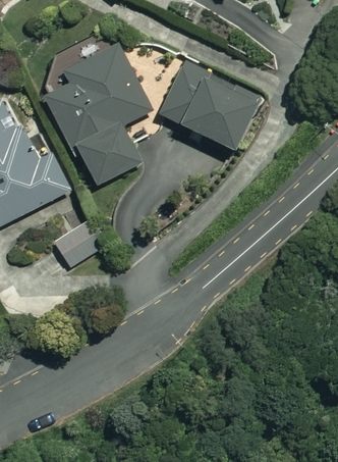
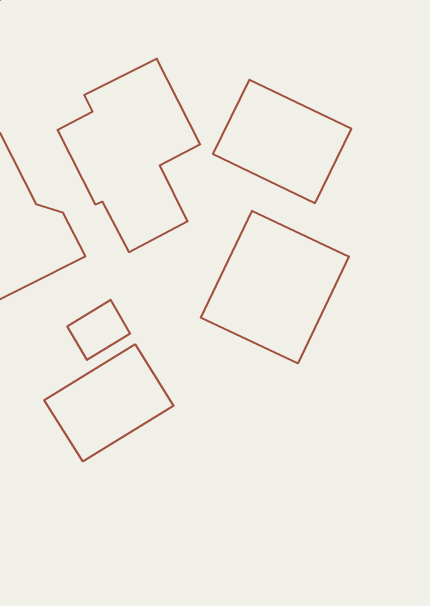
building: none -> [201,211,349,363]
building: none -> [44,344,174,461]

